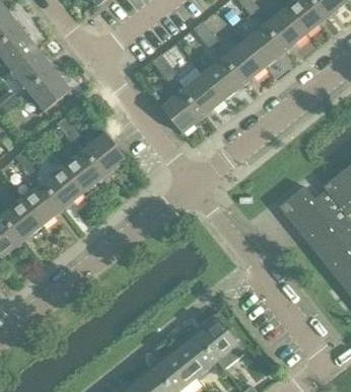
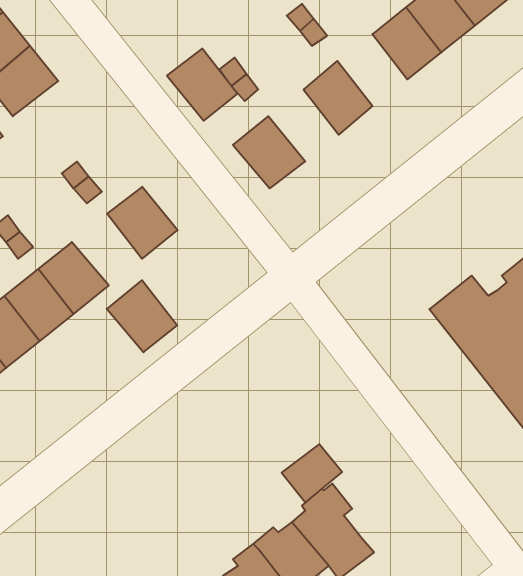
building: [222,40,265,83] -> none
building: [26,68,70,110] -> none
building: [181,73,223,116] -> [167,49,237,121]
building: [62,148,104,191] -> [107,280,177,352]
building: none -> [282,444,342,503]

